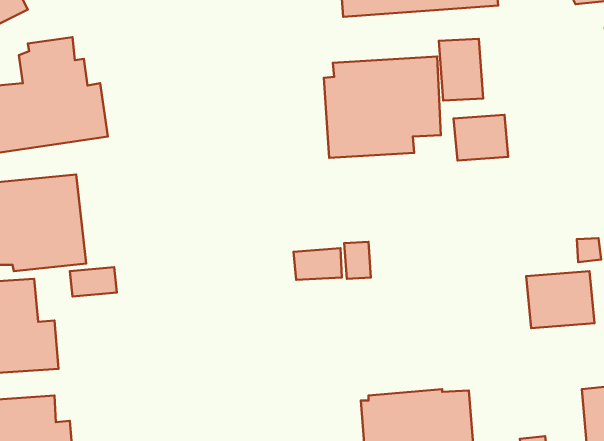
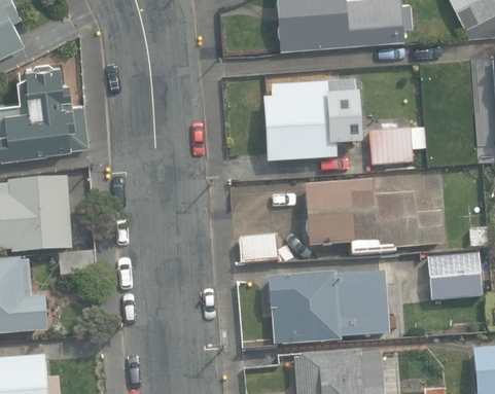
building: [439,39,483,101] -> none
building: none -> [305,180,444,255]
building: none -> [268,271,389,345]

